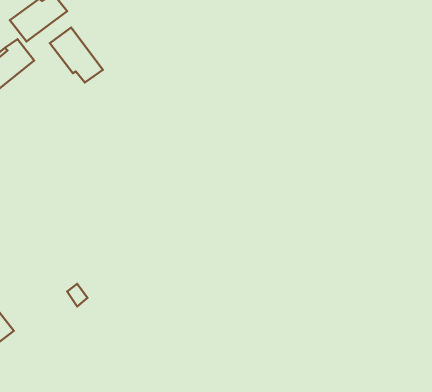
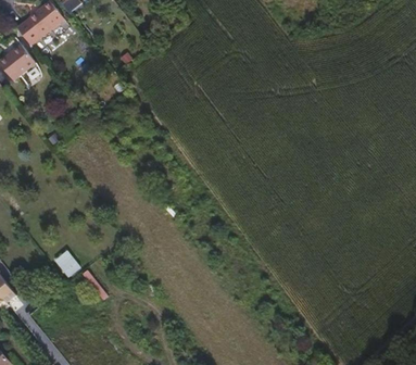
building: [50,28,103,82] -> none

